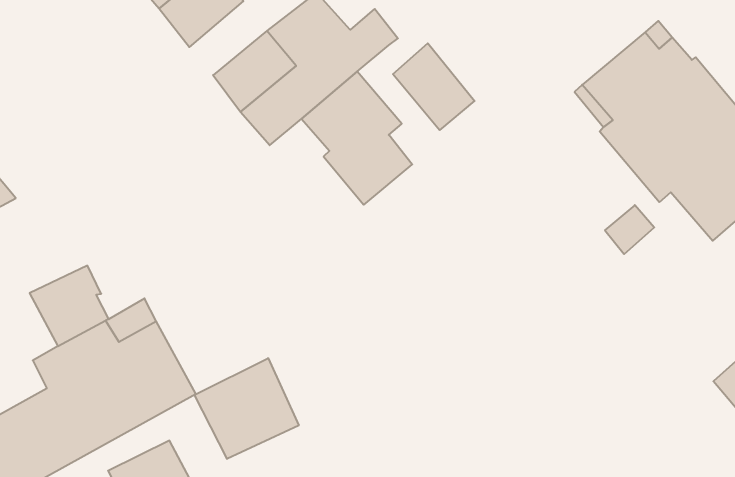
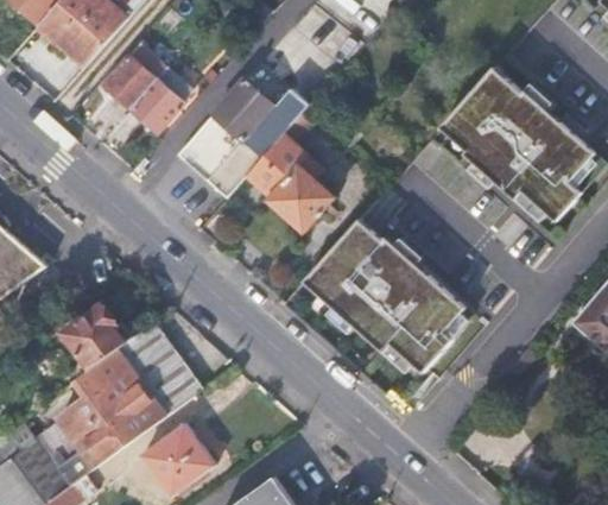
building: [393,43,475,130] -> none
building: none -> [304,221,466,374]
building: [195,358,299,459] -> none

